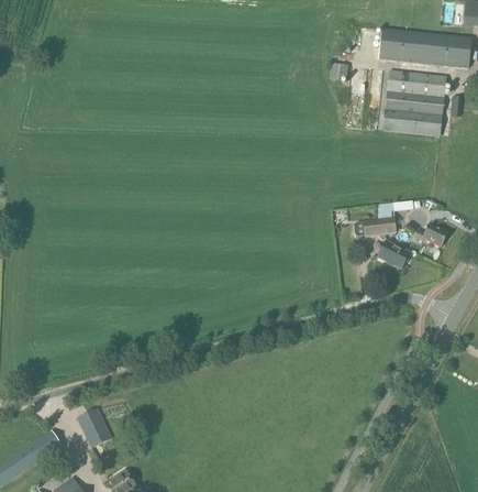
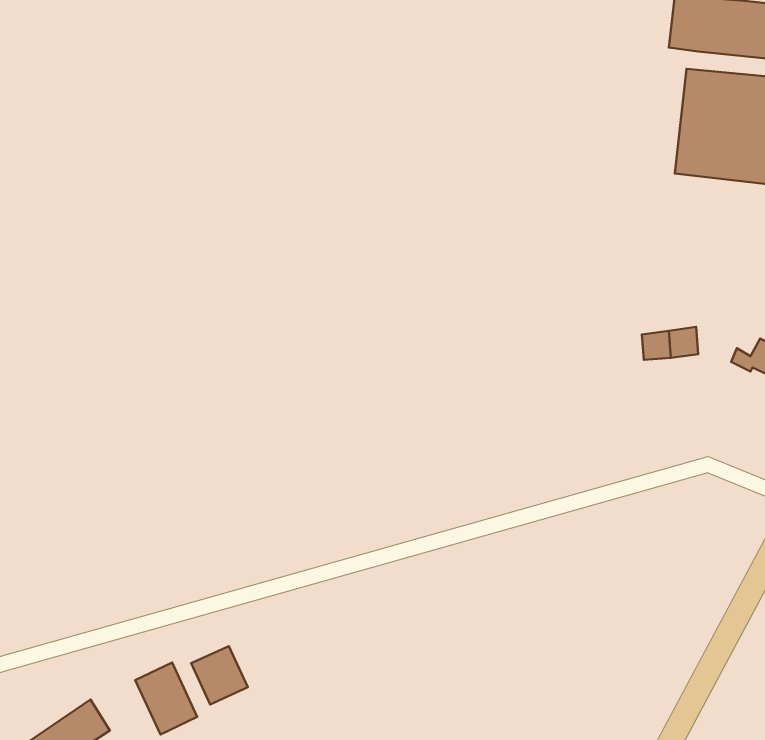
building: [378,240,411,269] -> none
building: none -> [191,646,248,704]

